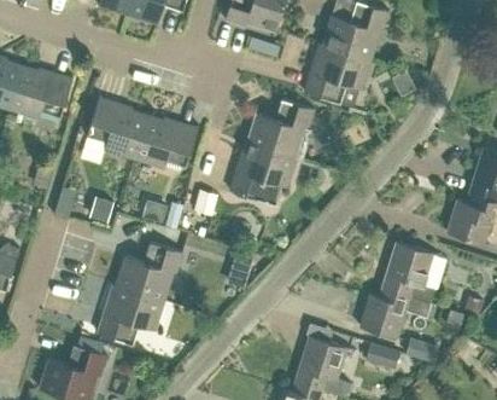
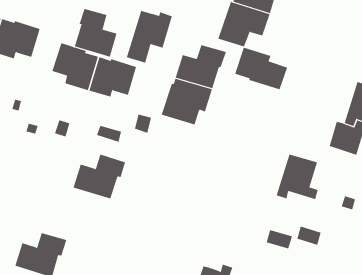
building: none -> [74,8,117,57]
building: none -> [126,10,172,63]
building: none -> [235,47,288,90]
building: [97,284,164,343] -> none
building: [361,290,431,337] -> none
building: [293,335,347,394] -> none

